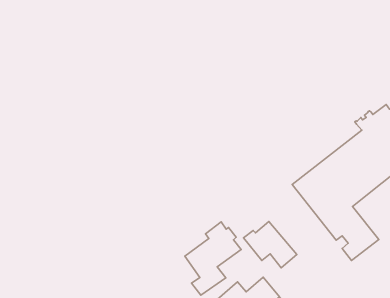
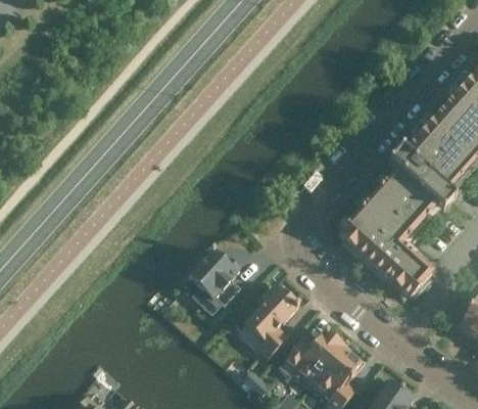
building: none -> [185,247,238,305]
building: [243,221,297,268] -> none

